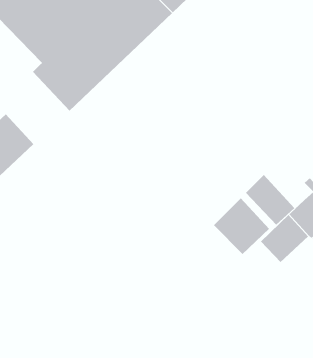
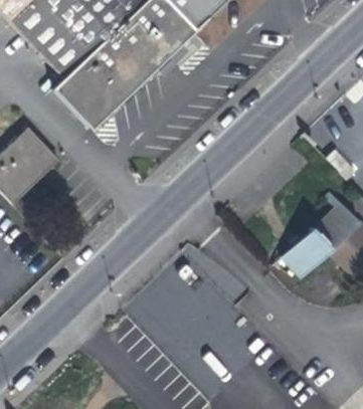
building: [245,174,295,226] -> none
building: [213,198,270,255] -> none

